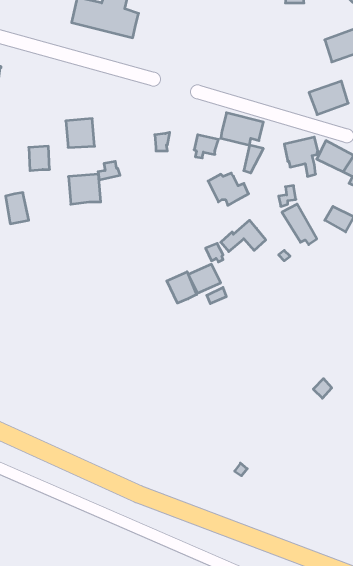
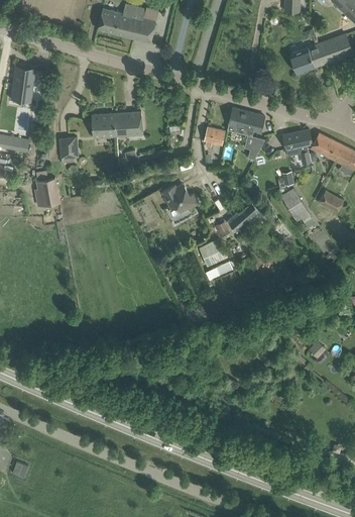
building: [309,81,348,115] -> [289,44,324,74]
building: [208,173,249,205] -> [162,185,198,213]
building: [68,174,101,204] -> [115,111,143,137]
building: [167,272,197,303] -> none

